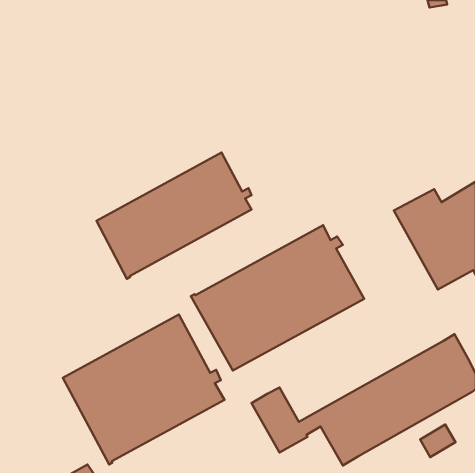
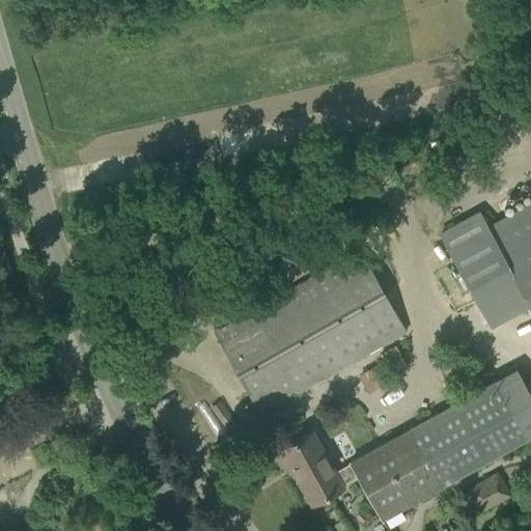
building: [96,153,252,279] -> none
building: [63,314,225,465] -> none

